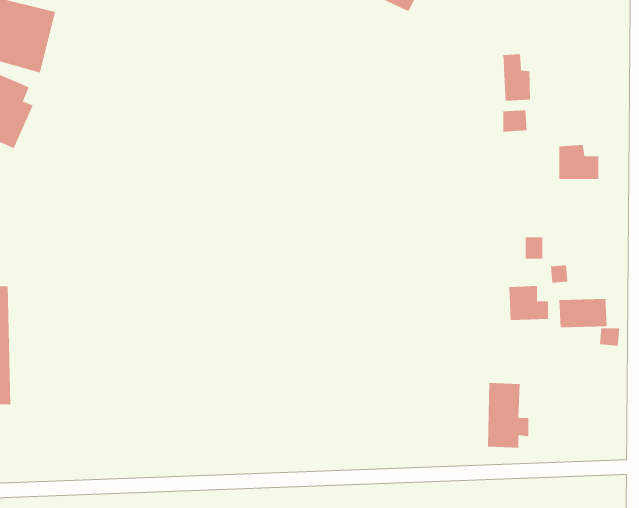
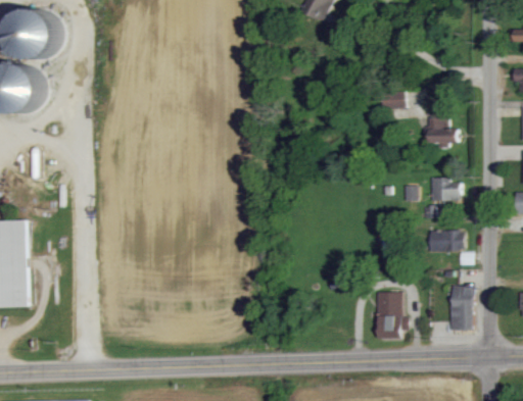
building: [503,53,530,101] -> none
building: [508,286,549,321] -> [430,177,460,202]
building: none -> [449,285,473,330]

